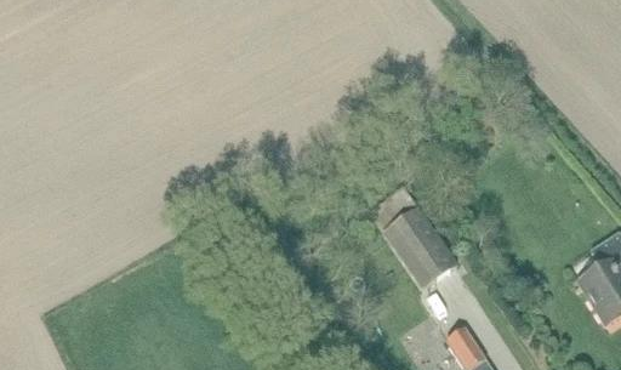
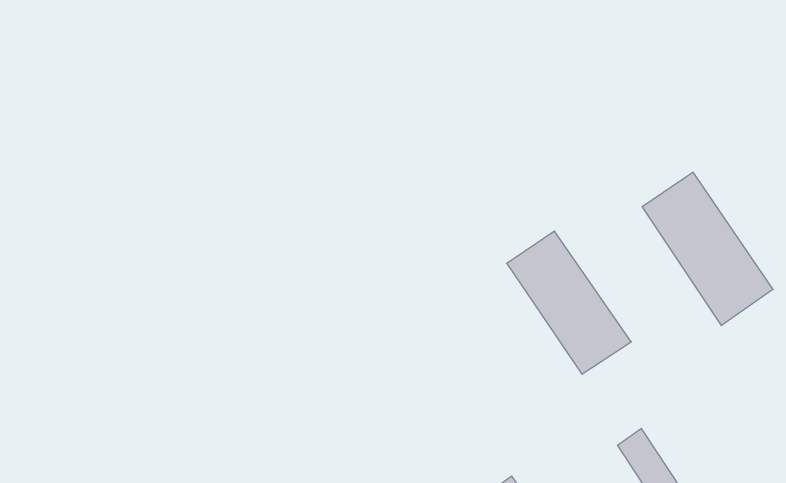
building: none -> [642,172,773,326]

